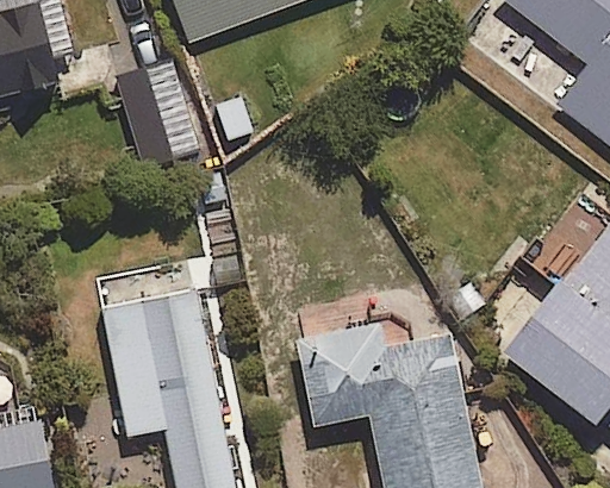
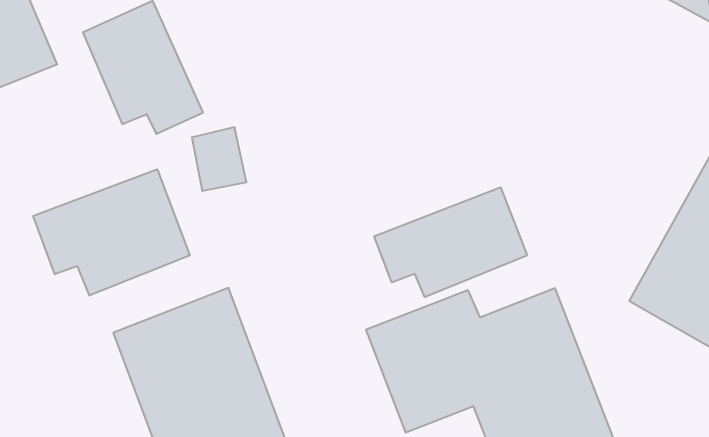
building: none -> [33,169,190,296]
building: none -> [374,187,527,297]

